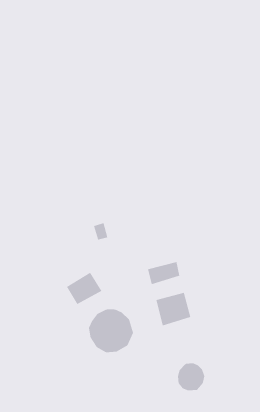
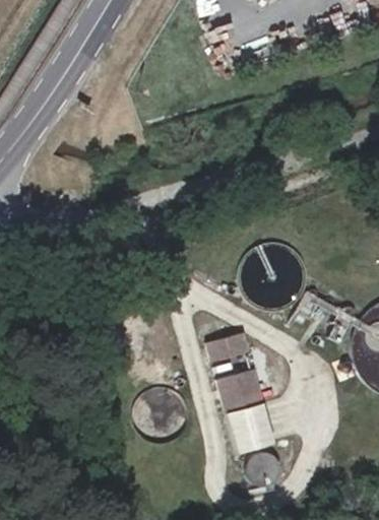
building: [66,272,102,305] -> none
building: none -> [225,400,270,451]

